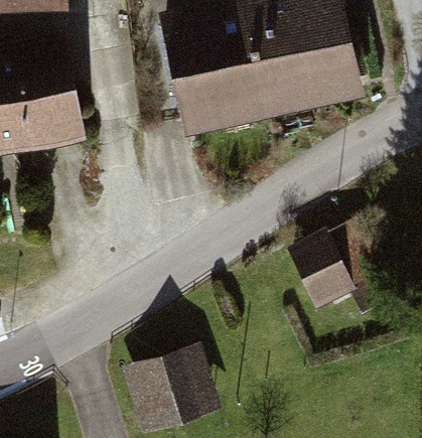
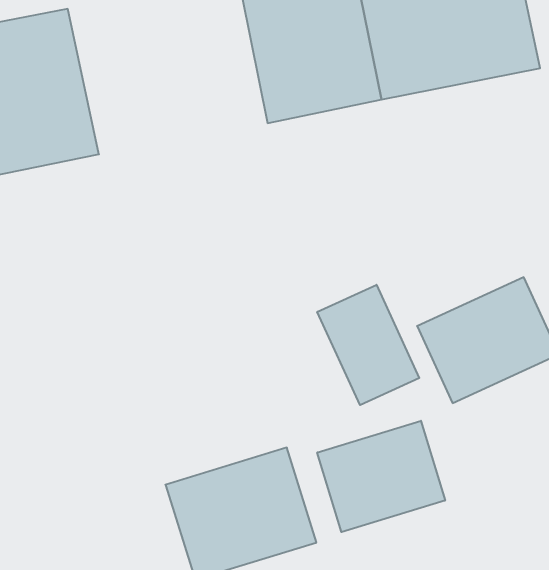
building: none -> [317,285,419,405]
building: none -> [317,421,445,532]

